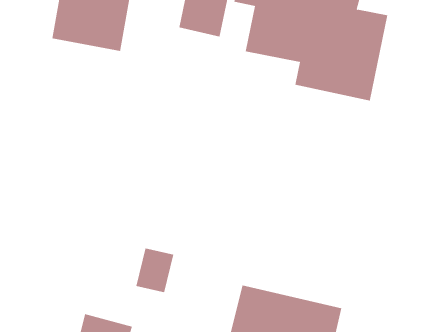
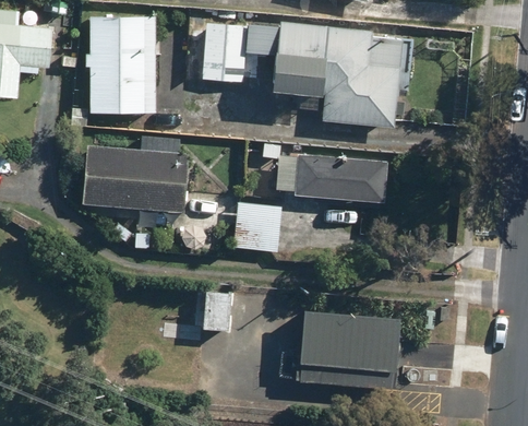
building: none -> [83,135,190,210]
building: none -> [296,155,386,200]
building: none -> [235,205,283,250]

